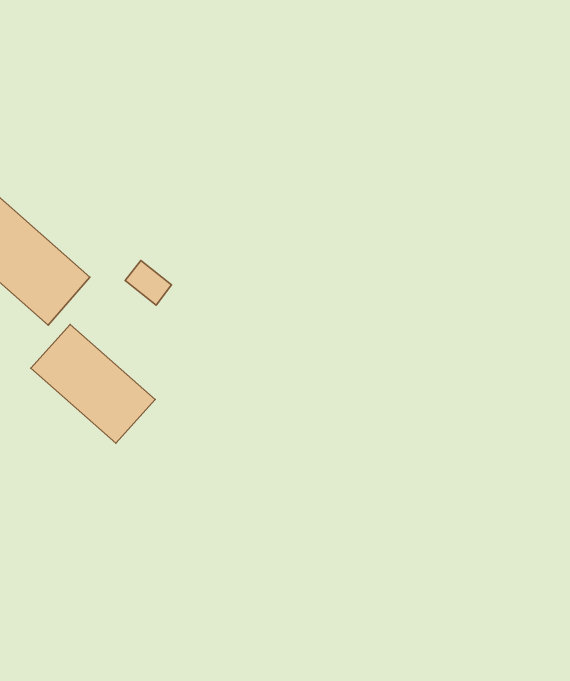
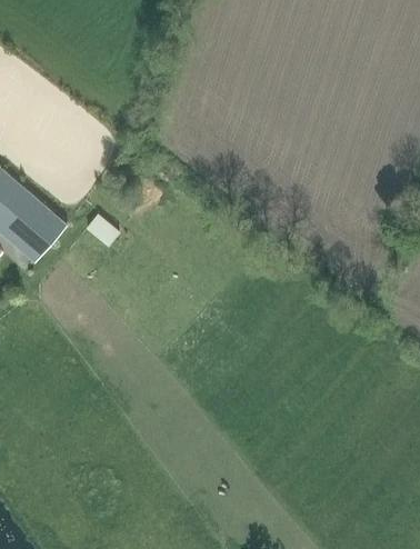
building: [31,324,155,443] -> none

